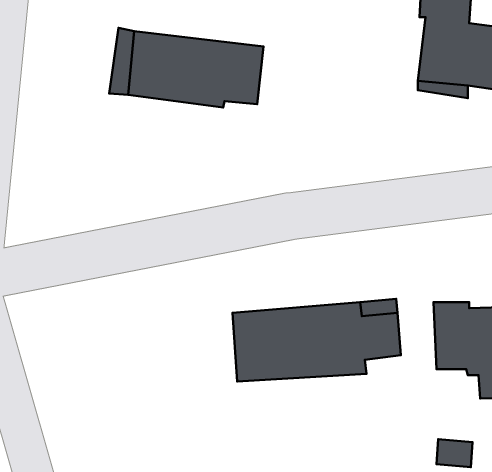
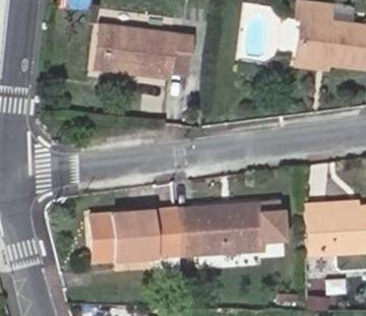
building: none -> [92,210,180,275]

